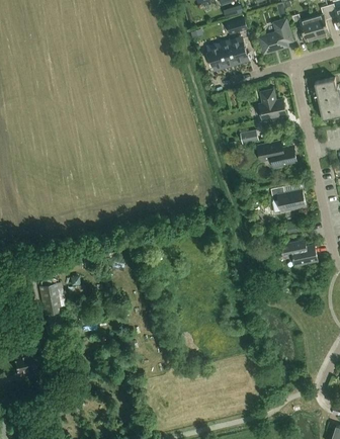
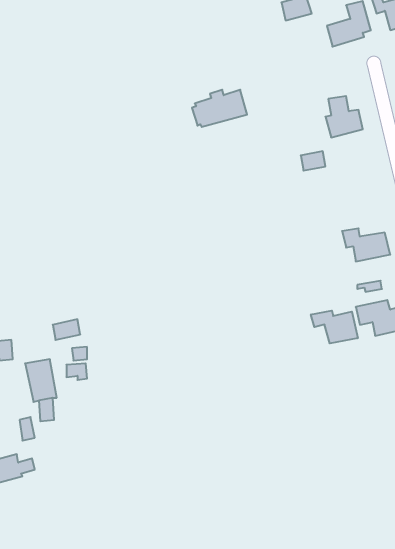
building: [206,39,247,67] -> [192,90,247,127]
building: [260,142,296,166] -> none
building: none -> [311,311,358,343]

